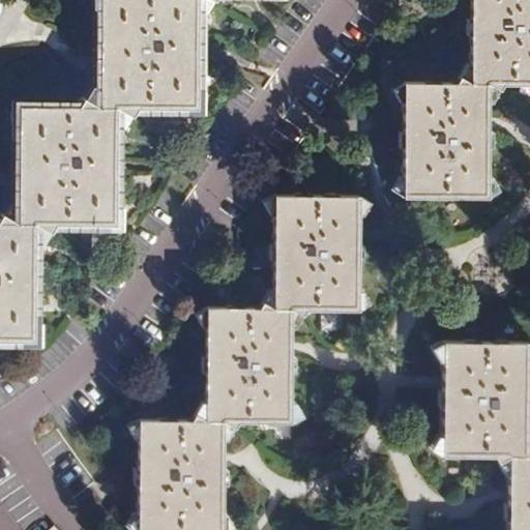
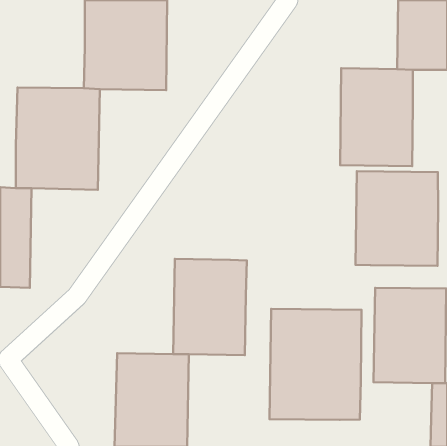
building: [272,196,358,311] -> none
building: none -> [355,171,438,266]
building: none -> [269,309,361,420]

